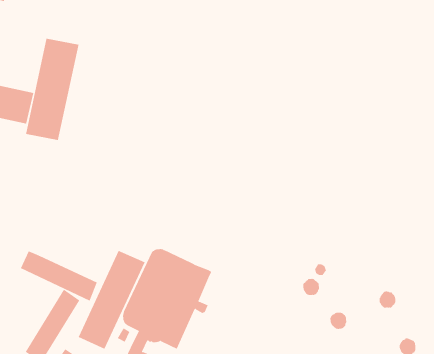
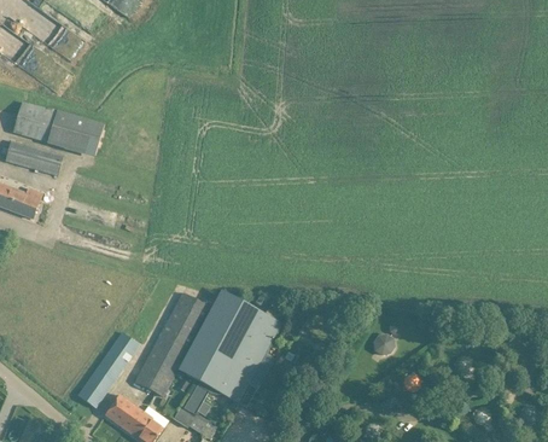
building: [25,38,79,141] -> none
building: [20,251,98,301] -> none

